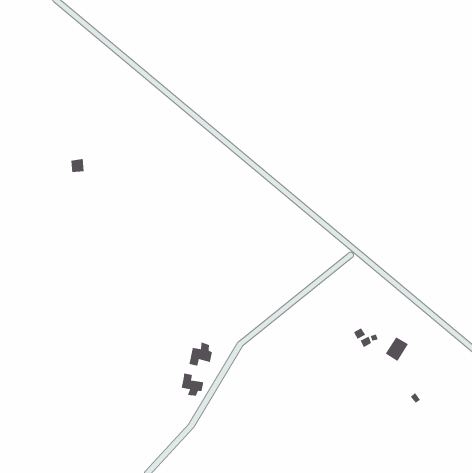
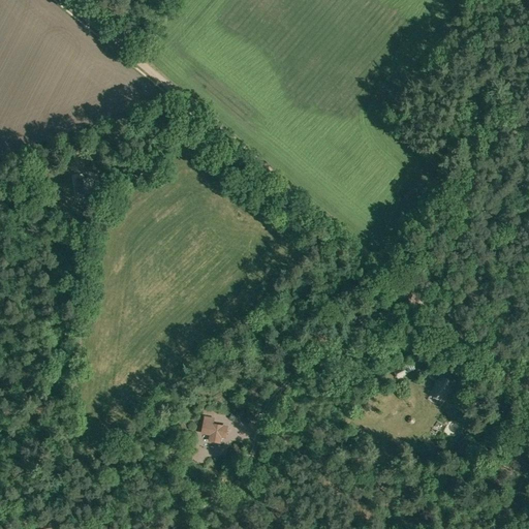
building: [189,342,212,366] -> none

